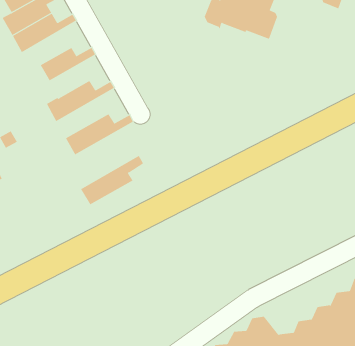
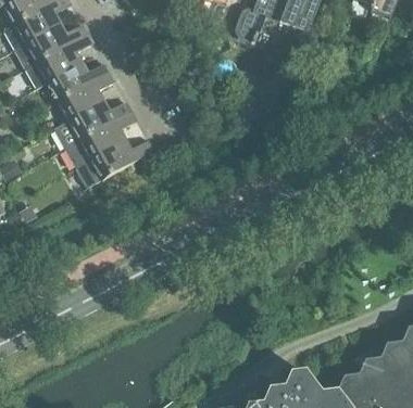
building: none -> [26,31,95,87]
building: none -> [58,71,116,120]
building: [80,155,144,205] -> [65,109,138,166]

